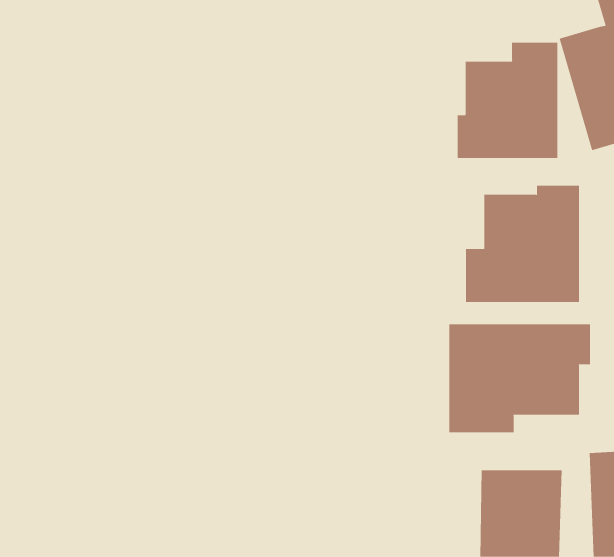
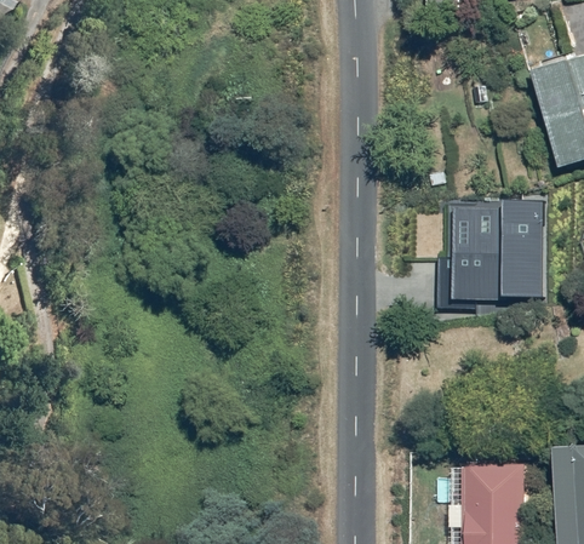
building: [457,42,558,159] -> none
building: [449,323,591,433] -> none

